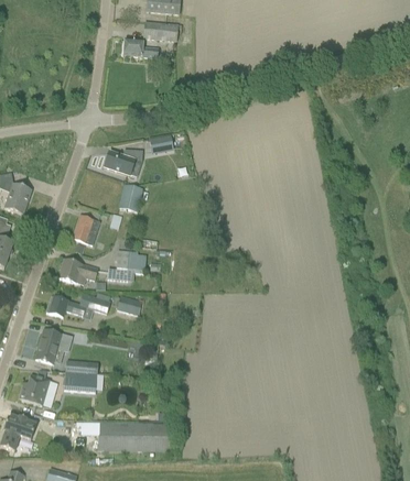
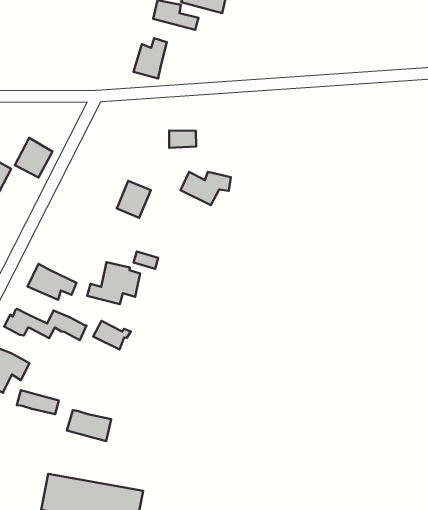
building: none -> [133,38,167,78]
building: [105,149,142,174] -> [181,172,231,205]
building: [73,214,100,243] -> [15,138,53,177]
building: [64,371,97,391] -> [67,410,111,441]

